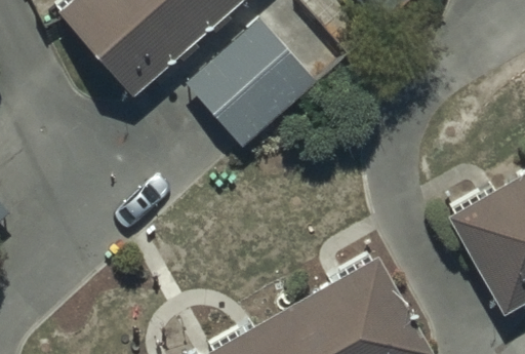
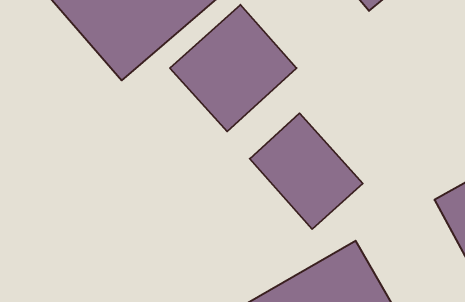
building: none -> [250,113,363,229]

